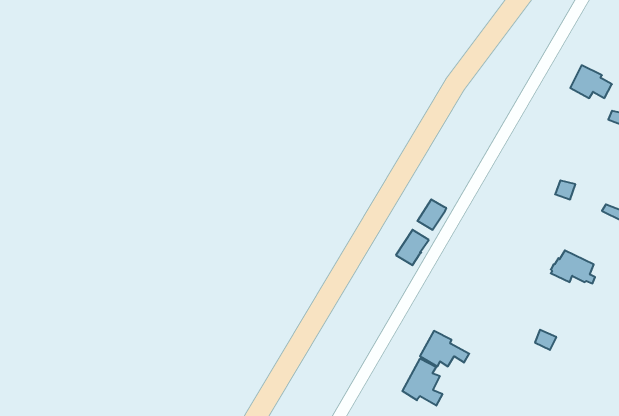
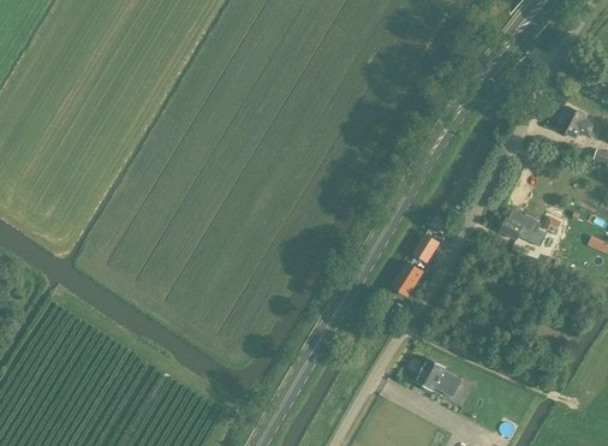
building: [551,250,595,283] -> [501,210,543,242]
building: [402,359,442,406] -> none

